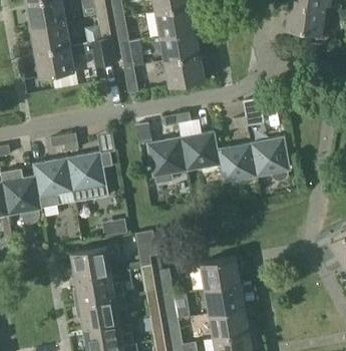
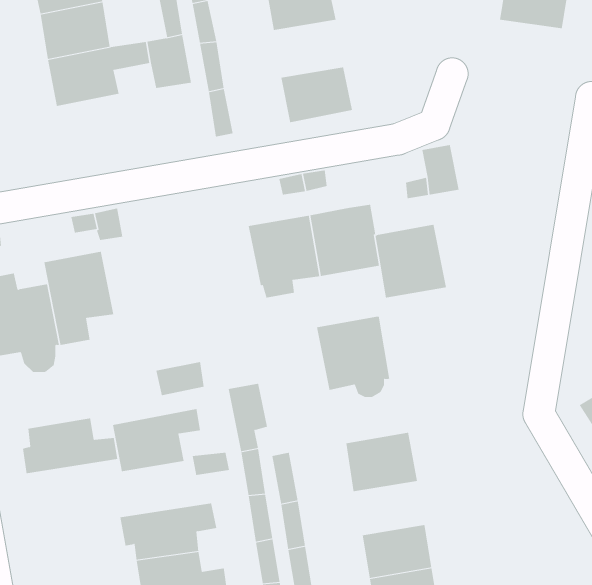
building: [159,28,199,60] -> none
building: [249,135,290,181] -> [316,316,390,398]
building: [64,150,111,204] -> none
building: [72,273,125,304] -> [22,418,118,474]
building: [204,284,244,314] -> none

